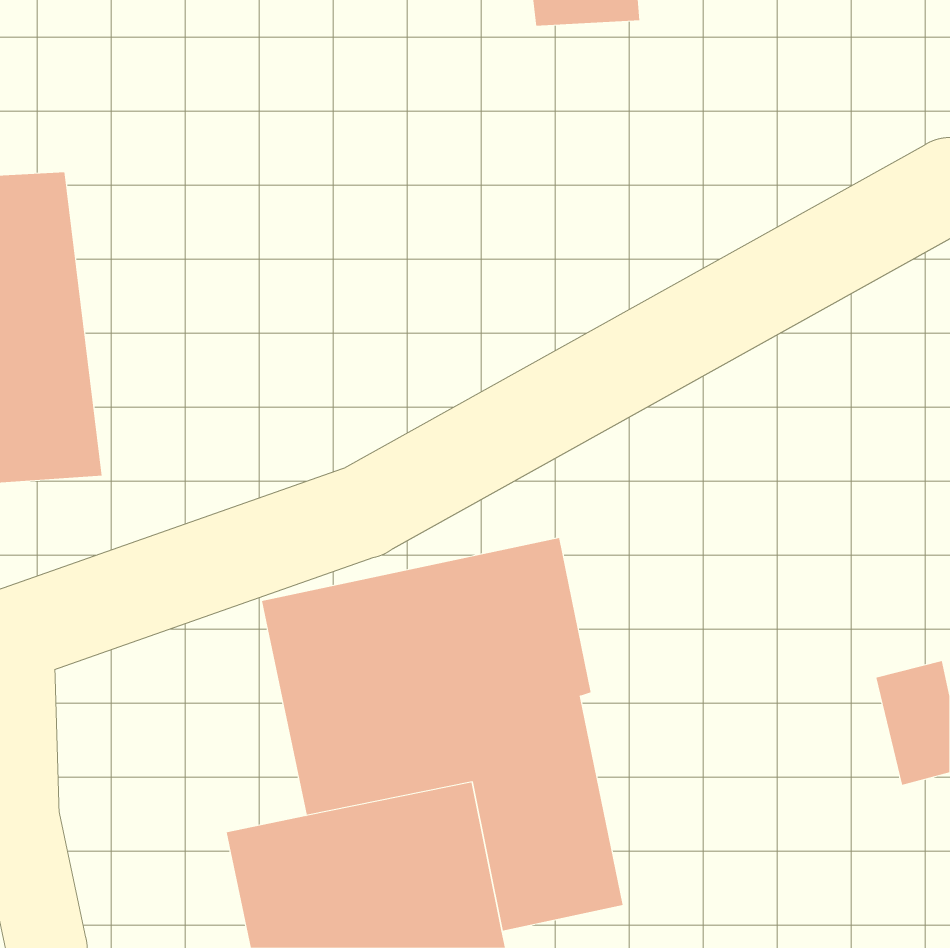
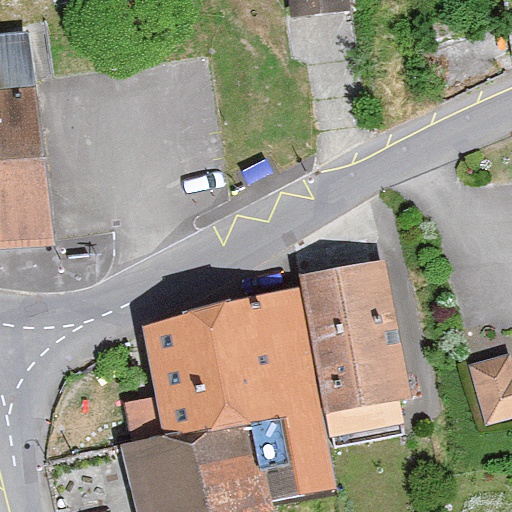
building: none -> [297,259,410,453]

